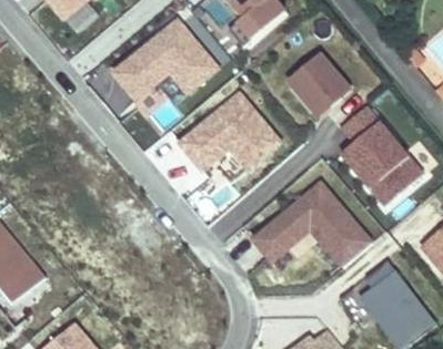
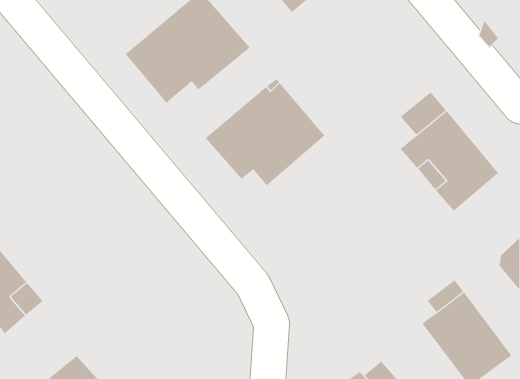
building: [290,52,351,114] -> none
building: [252,179,371,266] -> none

